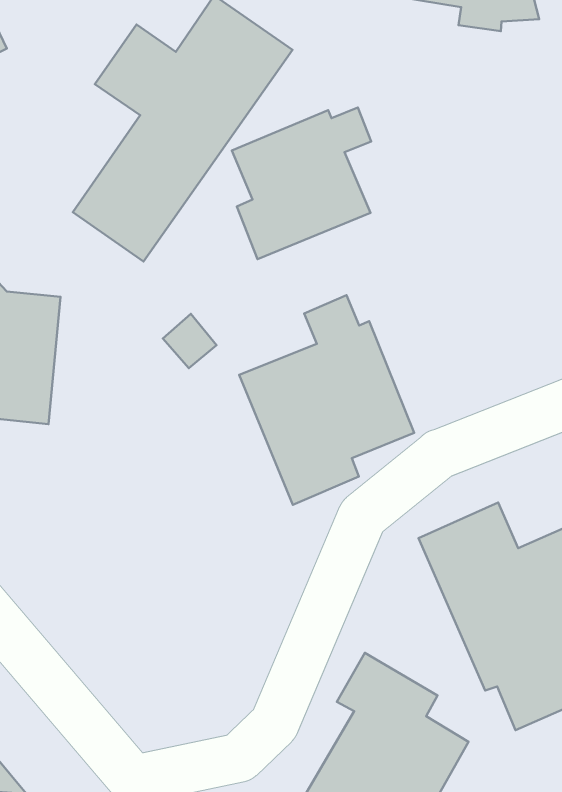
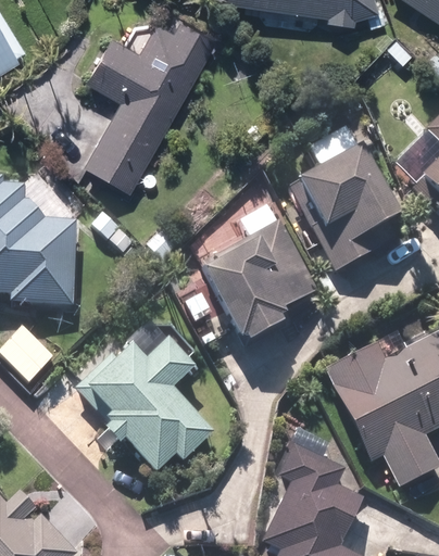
building: [232,107,371,259] -> none
building: none -> [293,126,400,271]
building: none -> [77,340,211,472]

